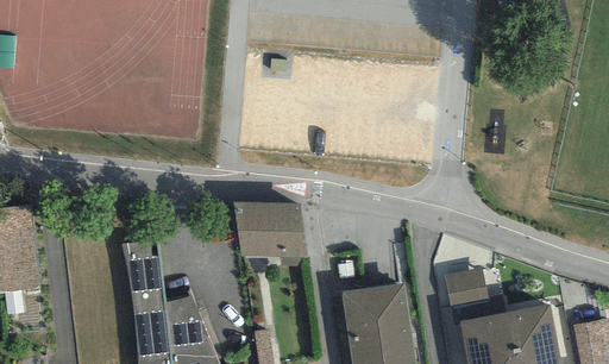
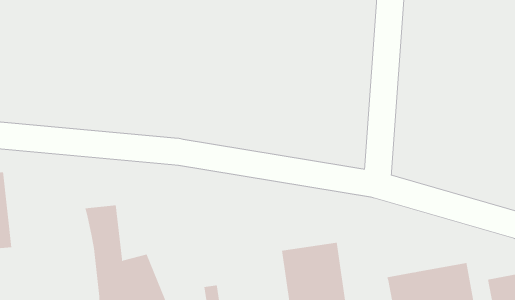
building: [233,201,308,264] -> none
building: [445,268,491,326] -> none

